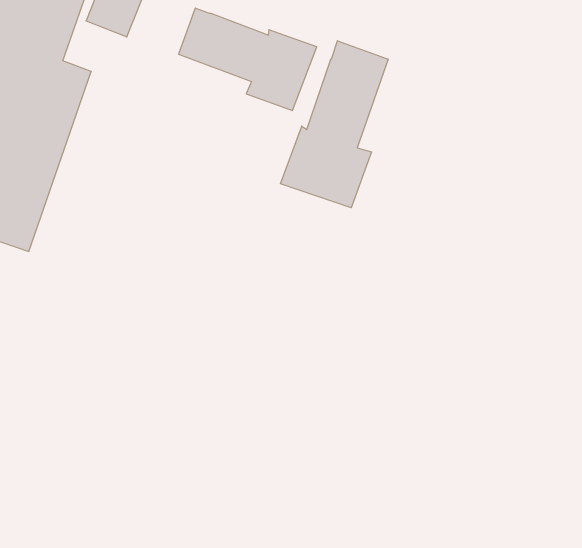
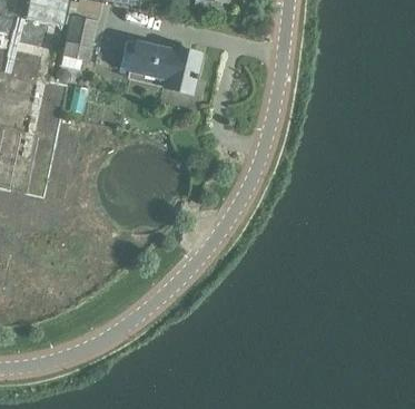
building: [280,41,388,208] -> none

